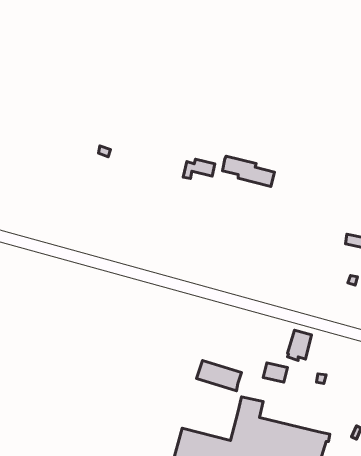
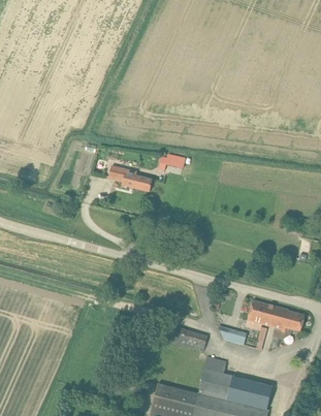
building: [222,156,274,187] -> [108,165,153,191]
building: none -> [262,303,304,331]

